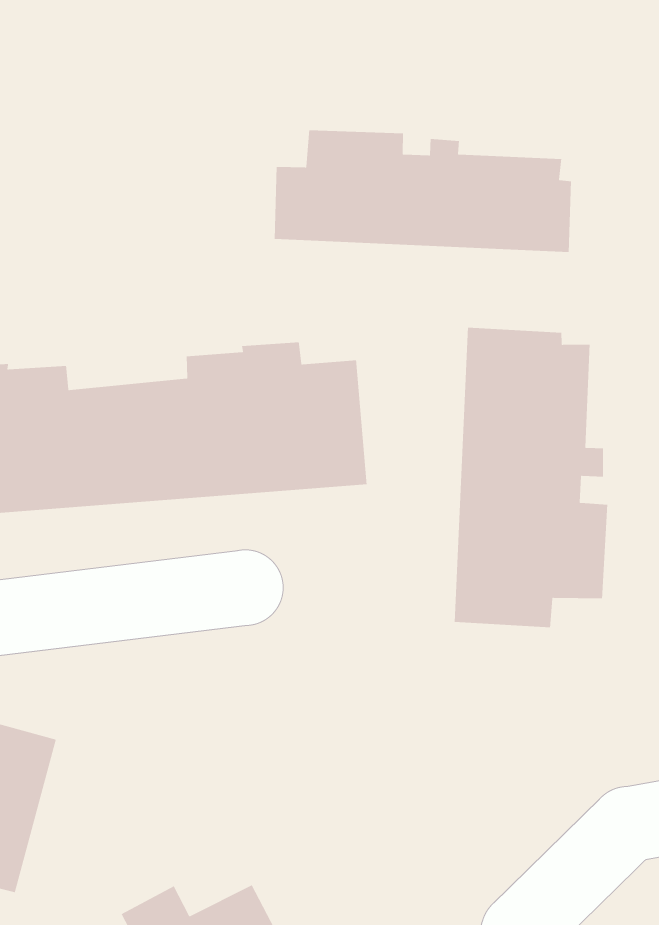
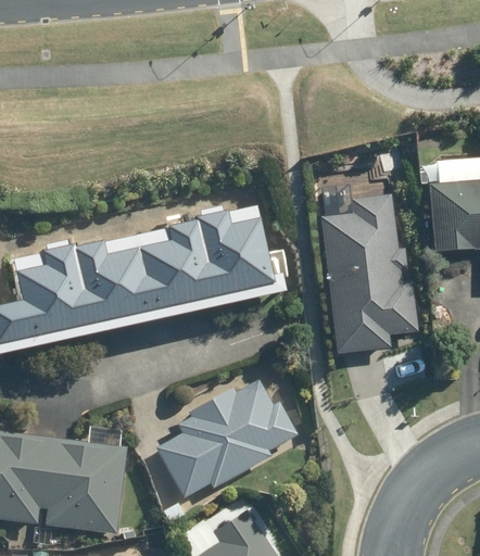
building: [274,130,572,253] -> none
building: none -> [155,379,298,498]

